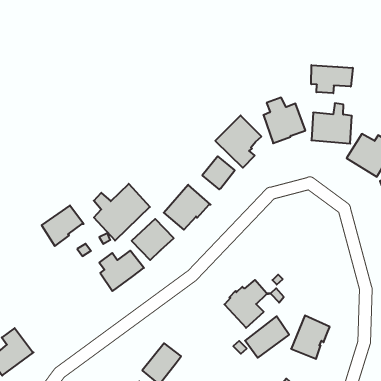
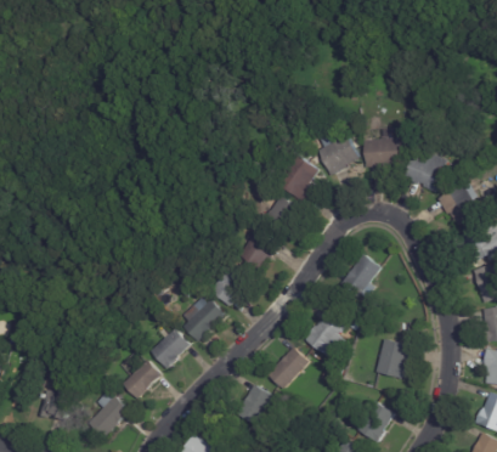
building: [311,65,353,93] -> none
building: [94,184,150,241] -> none
building: [42,205,84,246] -> [149,329,190,371]
building: none -> [341,253,383,298]
building: none -> [123,361,162,400]
building: [245,316,289,358] -> [267,345,309,388]

